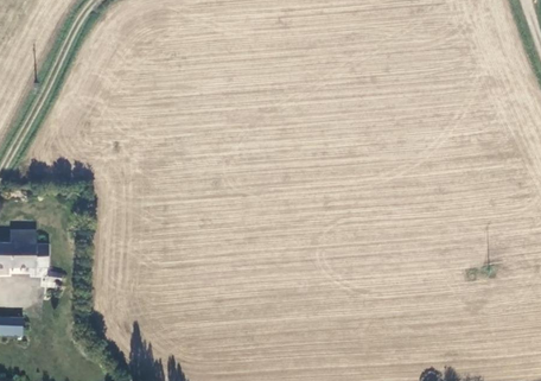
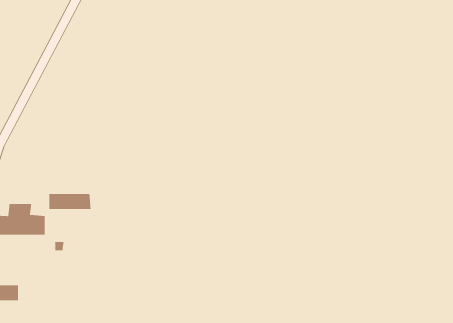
building: none -> [48,193,91,210]

